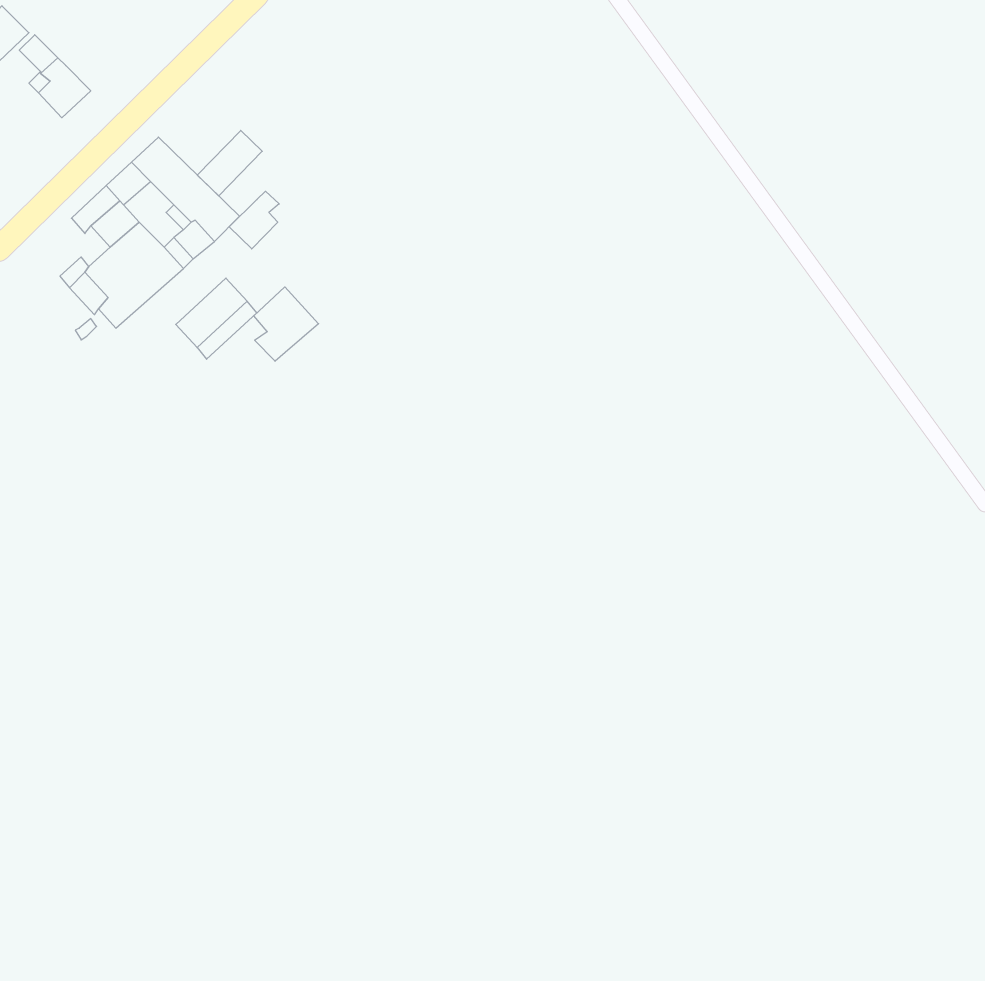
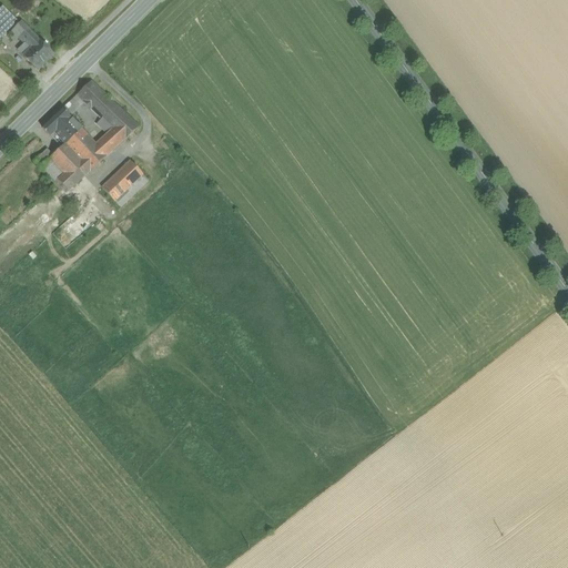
building: [197,130,262,196] -> none
building: [229,191,279,249] -> none
building: [254,287,319,361] -> none

